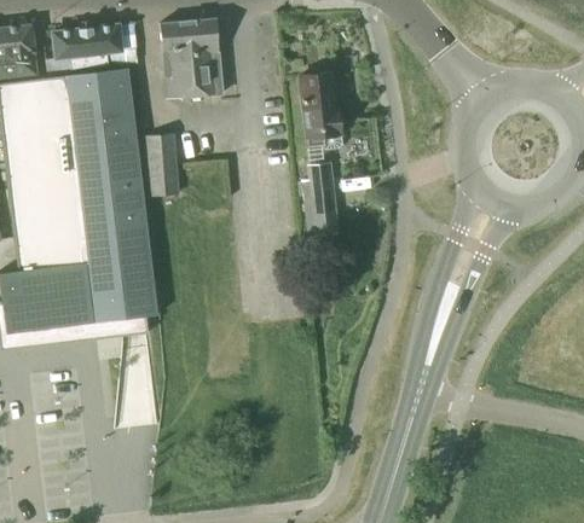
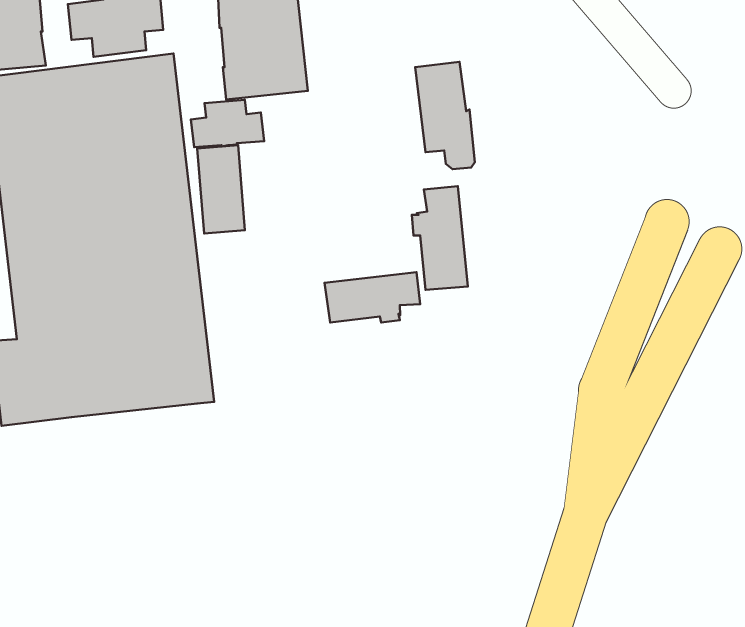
building: none -> [191,100,264,147]
building: none -> [324,272,420,323]

